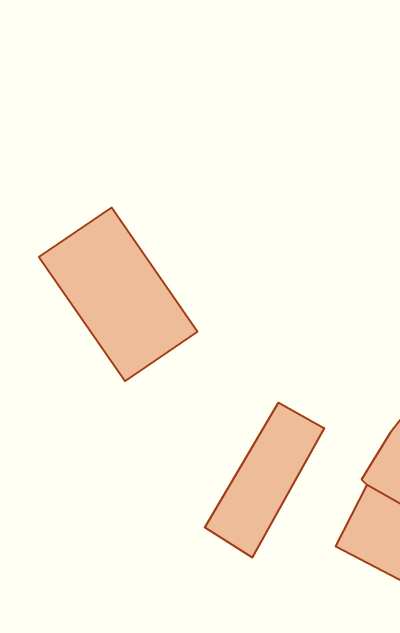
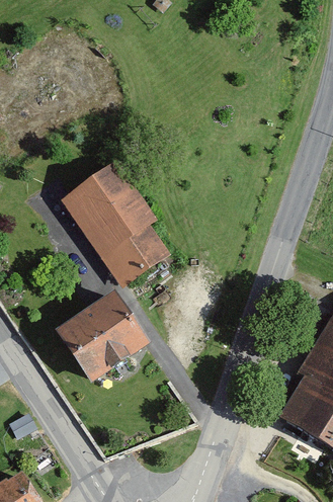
building: none -> [55,288,152,384]
building: [205,403,324,558] -> none

